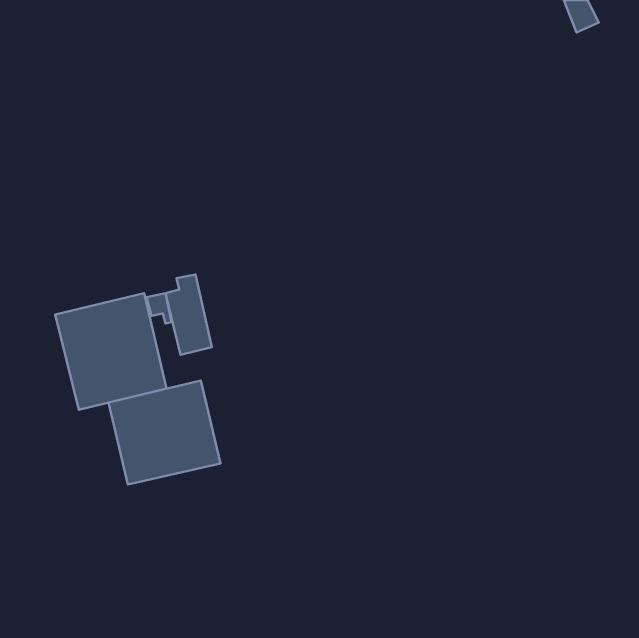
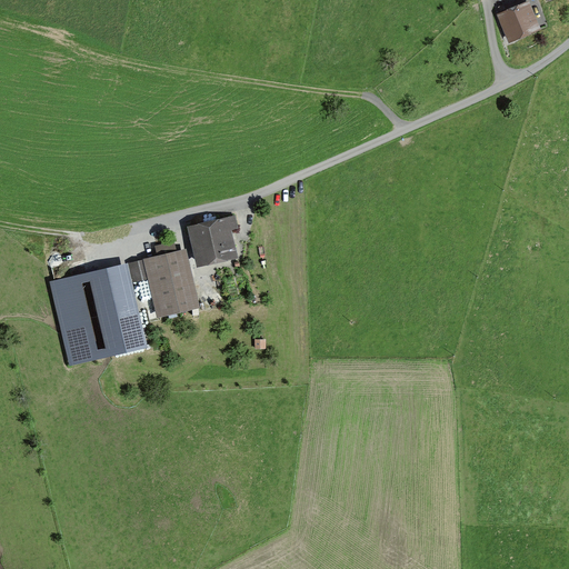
building: none -> [191,220,233,261]
building: [109,380,221,485] -> none

